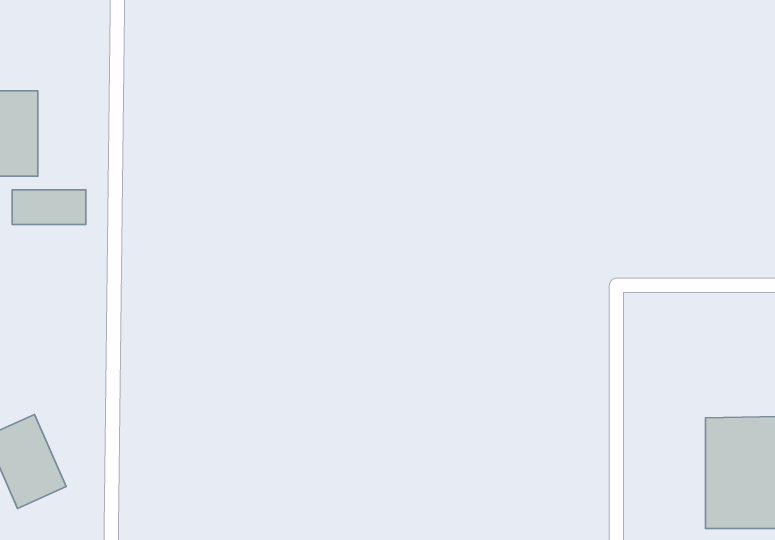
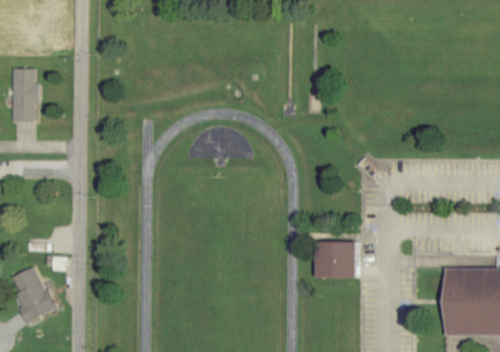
building: [12,190,86,225] -> none
building: none -> [315,241,354,278]

